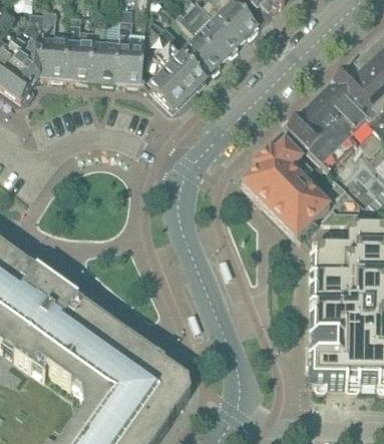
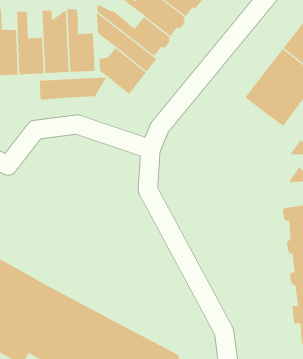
building: none -> [39,77,107,100]
building: [241,139,329,242] -> none

